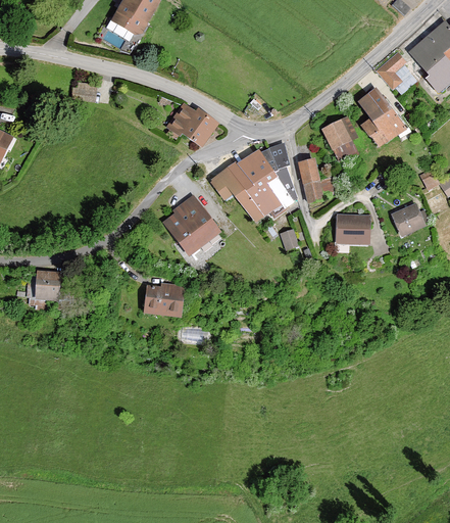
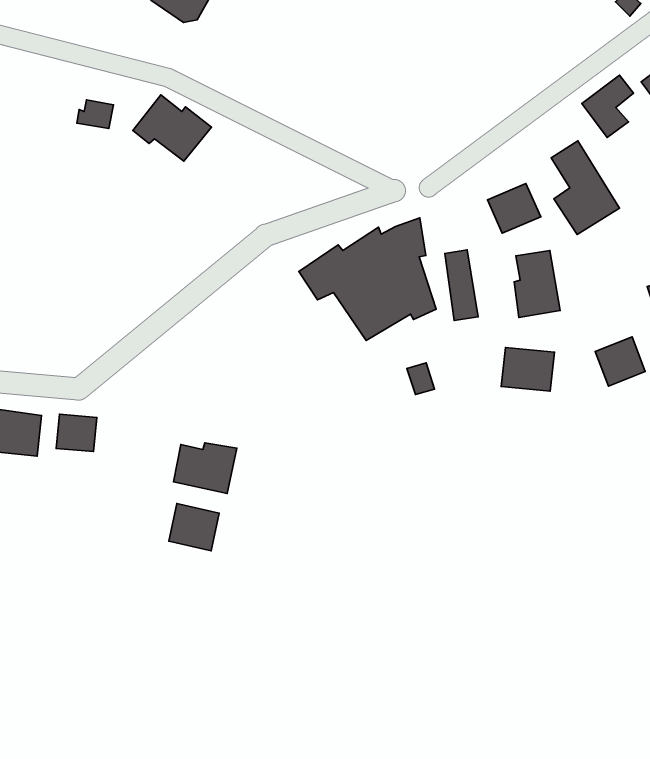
building: [167,105,214,144] -> [133,95,211,161]
building: none -> [514,251,560,317]
building: [165,198,216,252] -> none
building: none -> [56,414,97,452]
building: none -> [169,503,219,551]

